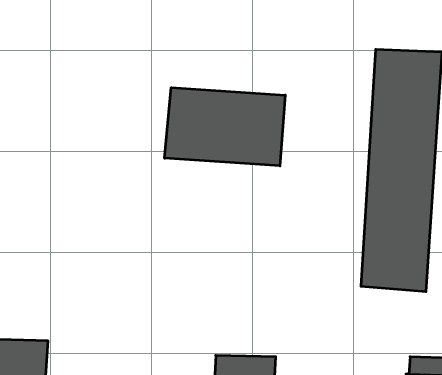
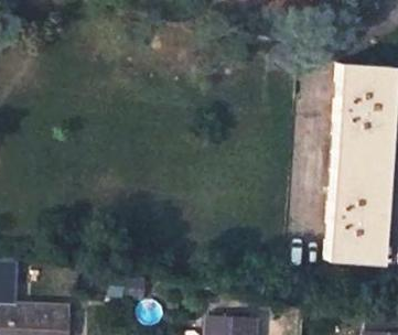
building: [165,88,285,166] -> none

